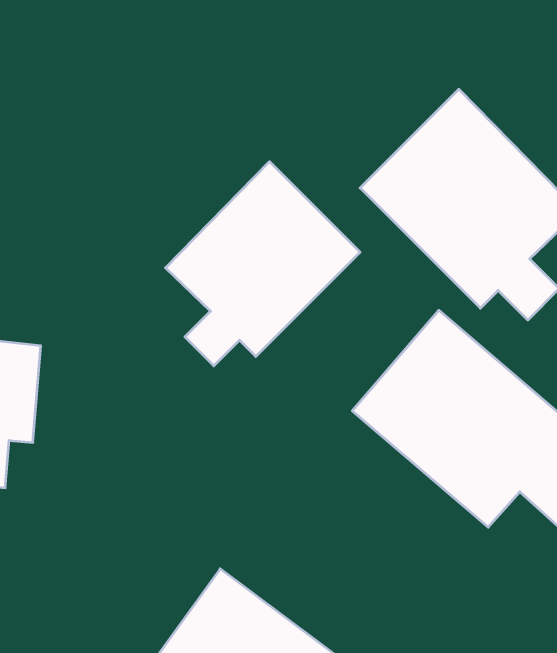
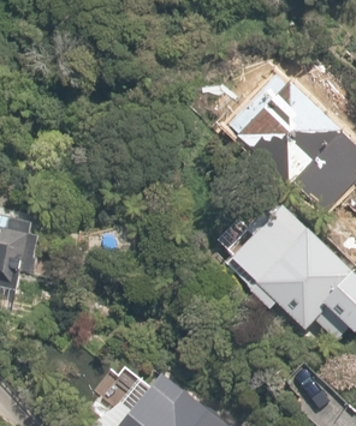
building: [165,162,360,366] -> none

